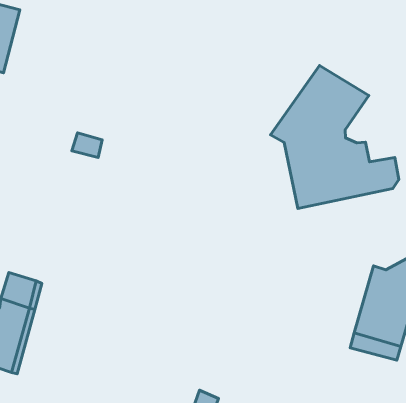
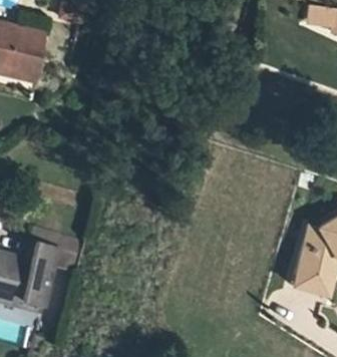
building: [270,65,399,208] -> none

